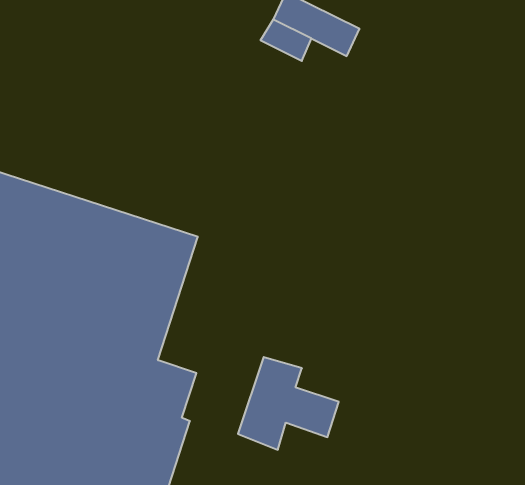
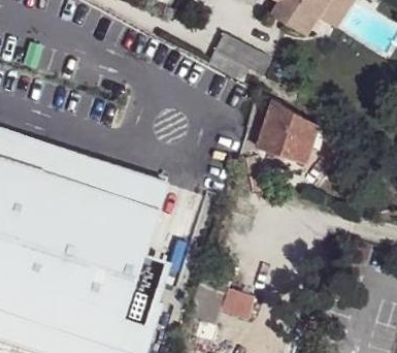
building: none -> [260,98,320,171]

